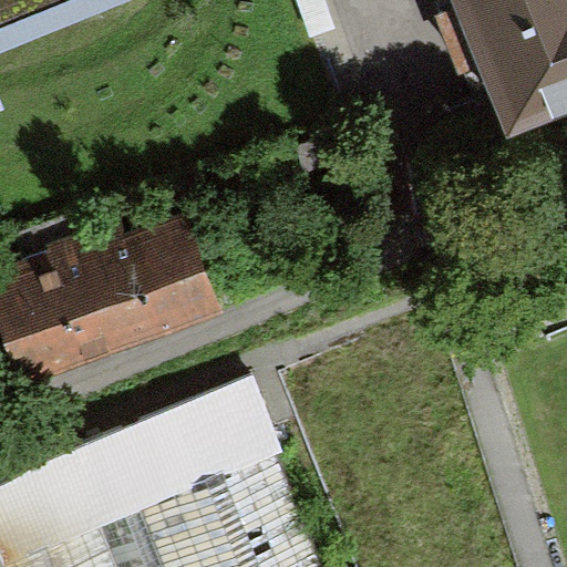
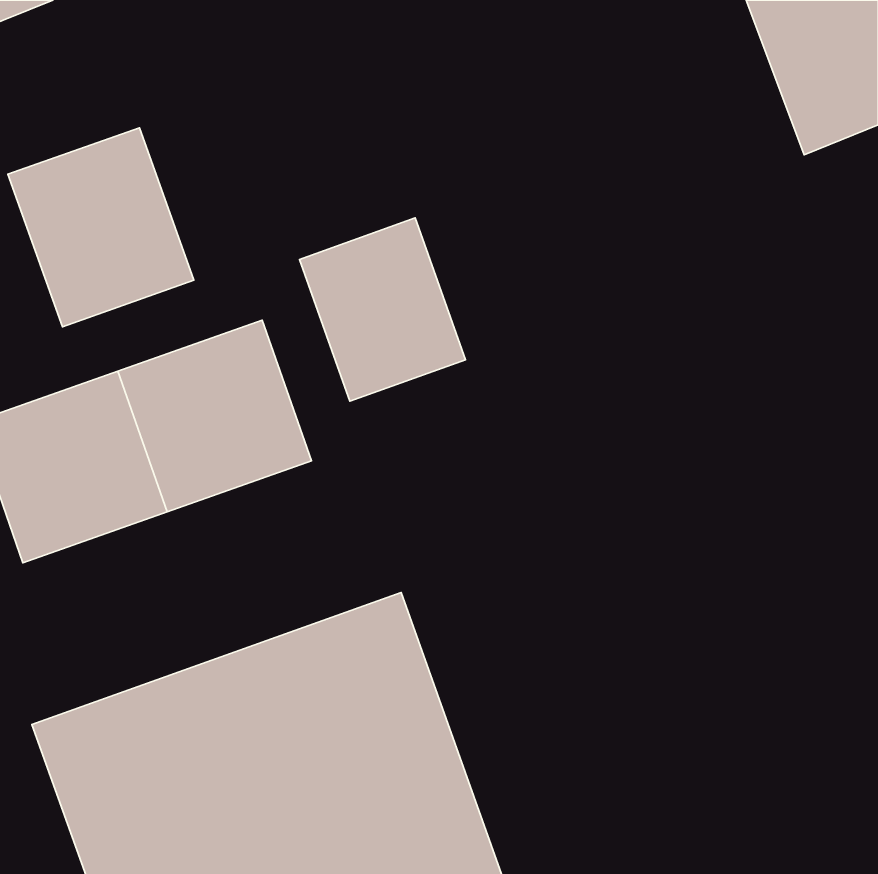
building: none -> [8,128,194,327]
building: none -> [300,218,465,401]

